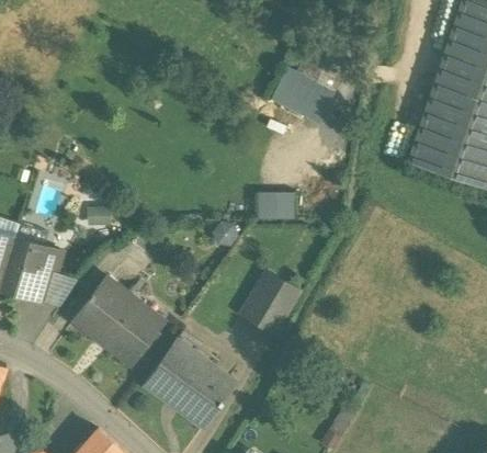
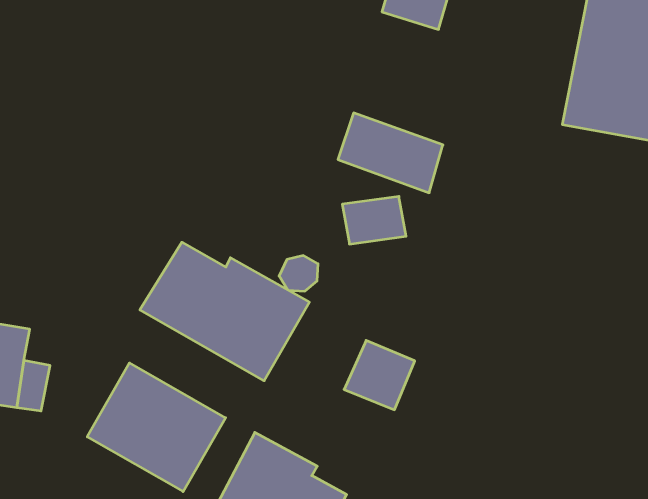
building: [273,71,342,129] -> [338,113,443,193]
building: none -> [140,242,309,381]
building: [262,269,301,302] -> none

